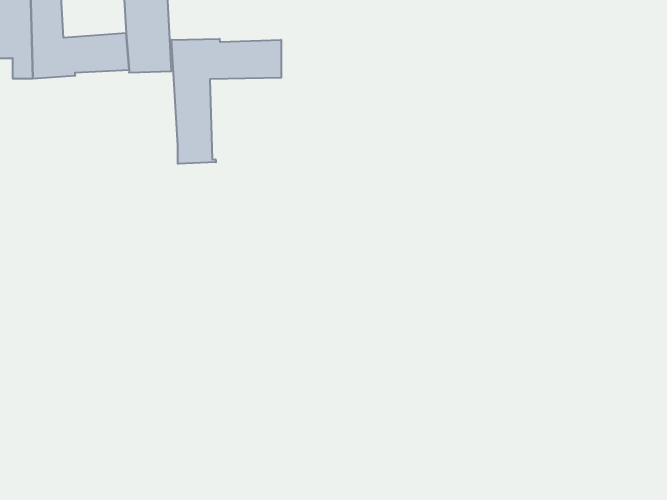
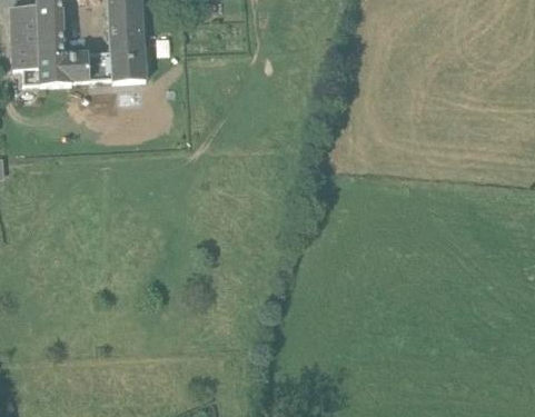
building: [172,39,281,164] -> none

